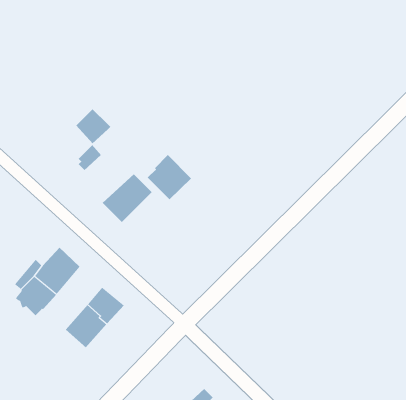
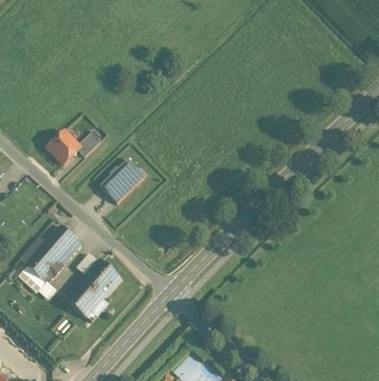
building: [75,108,111,144] -> [48,131,80,163]
building: [147,154,192,200] -> none

